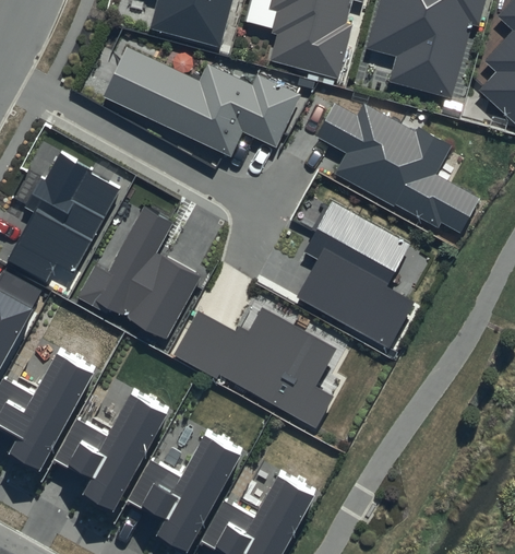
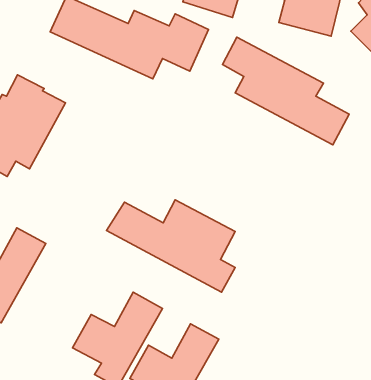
building: [79,193,195,341] -> none
building: [290,205,414,351] -> none
building: [56,388,169,509] -> none

